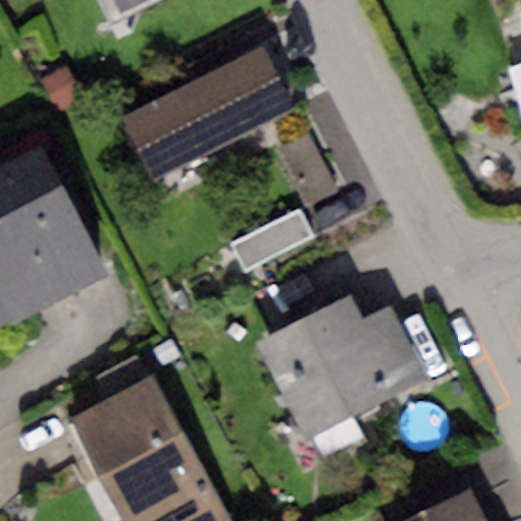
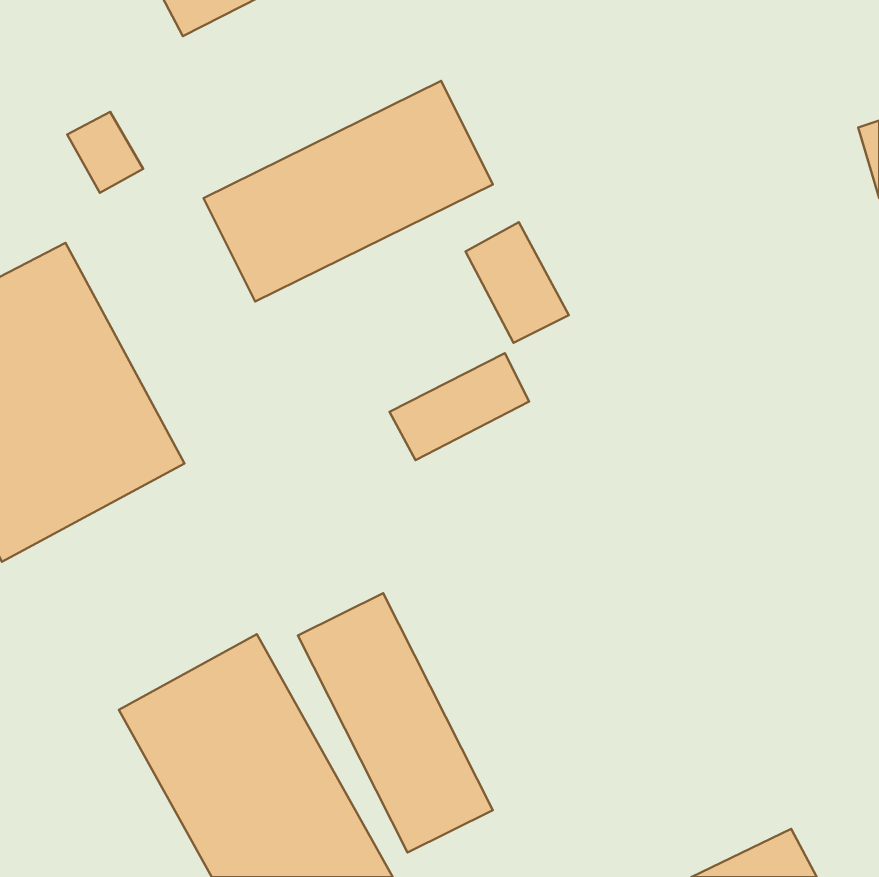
building: [254,295,427,442] -> none
building: none -> [298,593,493,852]

